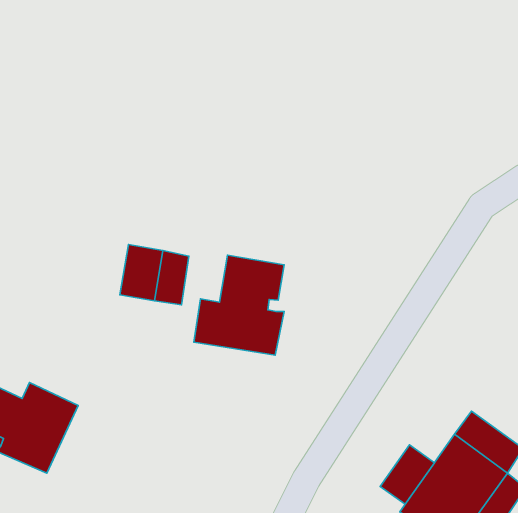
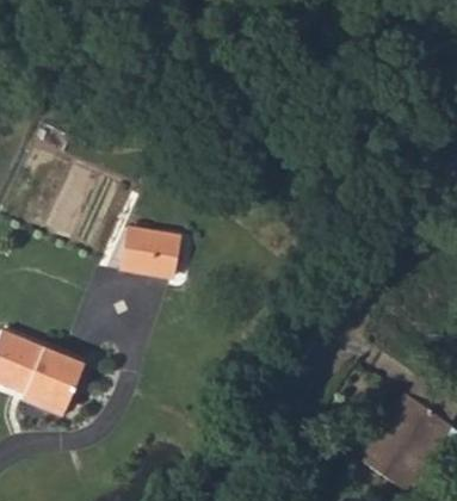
building: [194,255,284,355] -> none
building: [380,445,434,504] -> none

